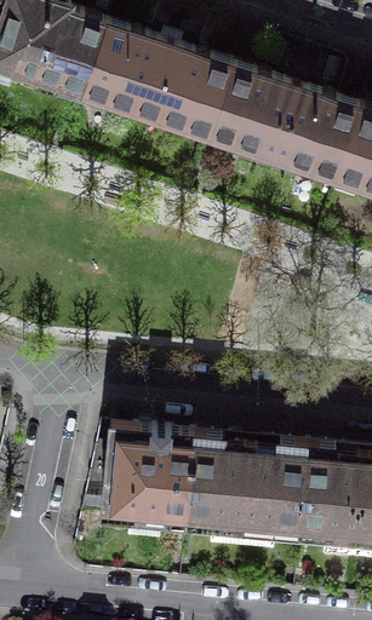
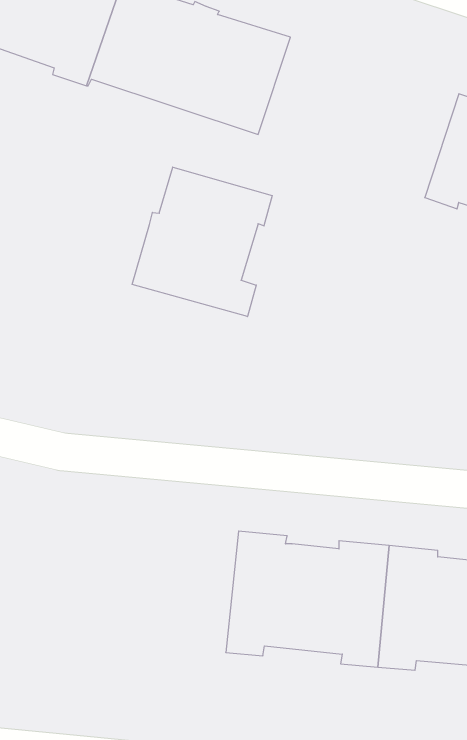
building: [208,65,359,185] -> none
building: none -> [132,167,272,317]
building: [101,426,194,526] -> none

